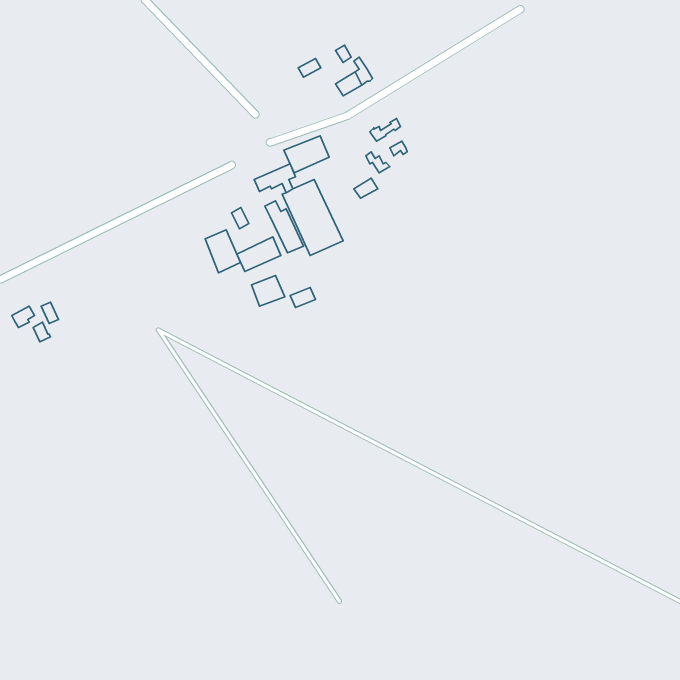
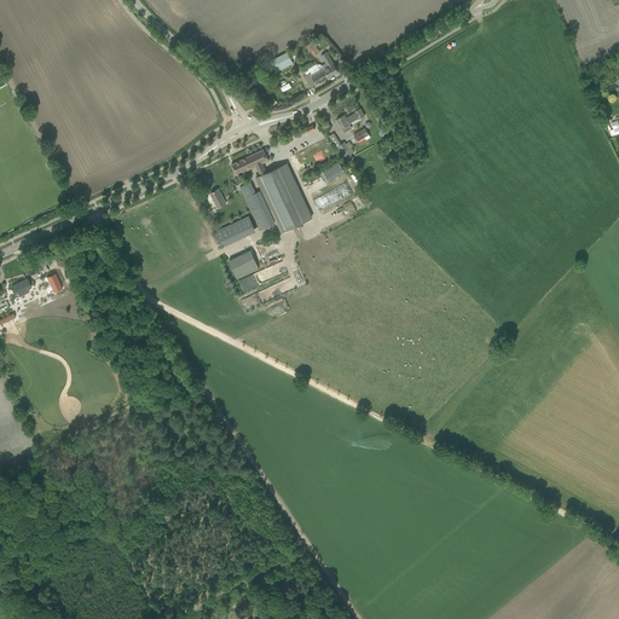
building: [284,136,329,173] -> none
building: [205,230,241,273] -> none

